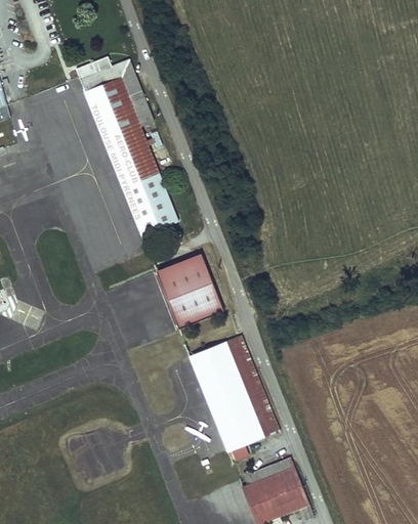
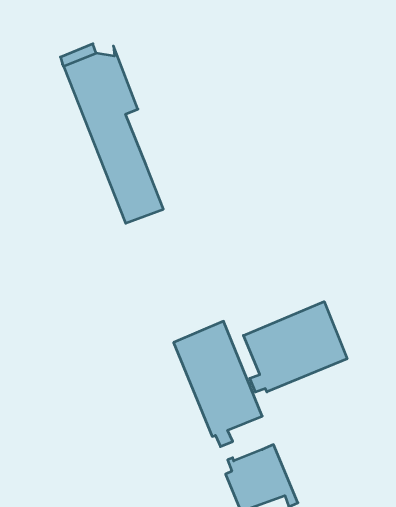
building: [156,254,223,329] -> none
building: none -> [243,302,347,392]

